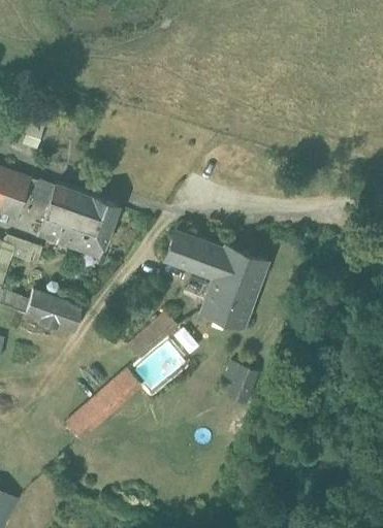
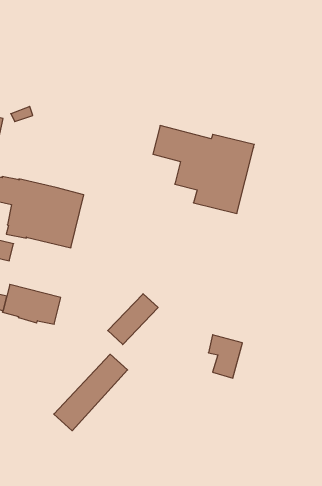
building: [164,231,266,327] -> [153,126,254,213]

